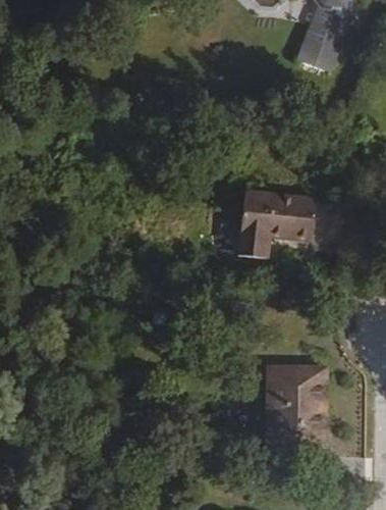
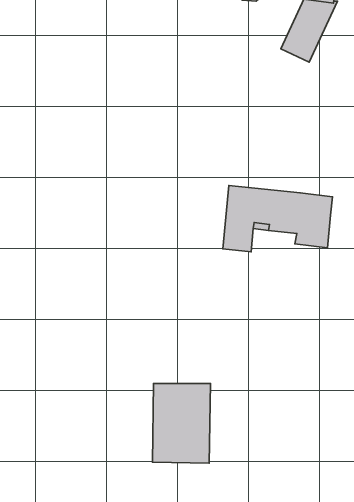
building: [267,366,325,446] -> [152,384,210,463]

